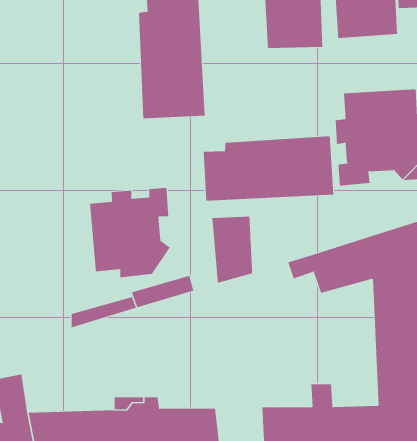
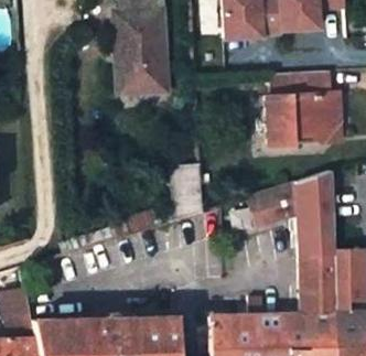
building: [203,136,334,201] -> none
building: [90,187,170,278] -> none

